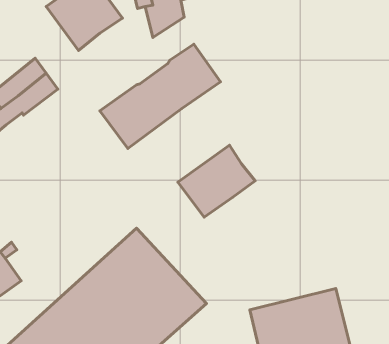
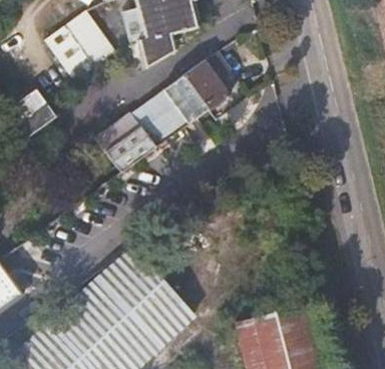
building: none -> [182,50,231,111]
building: [178,145,255,217] -> none

